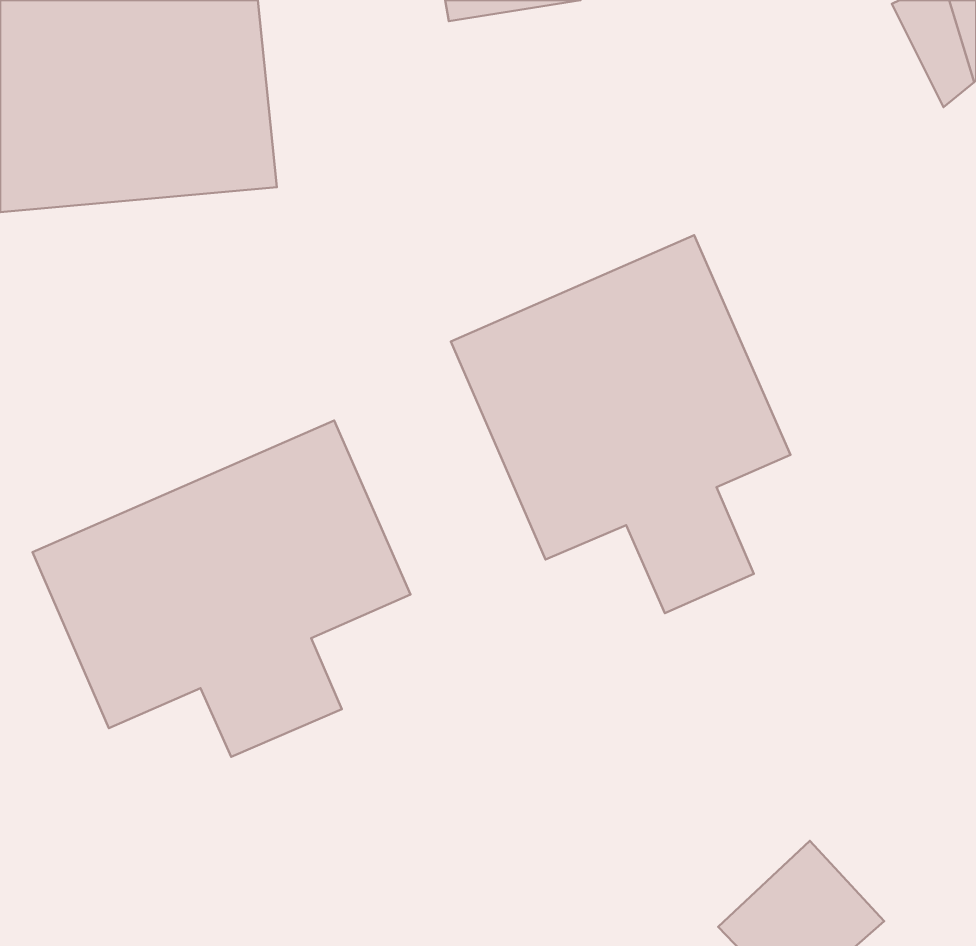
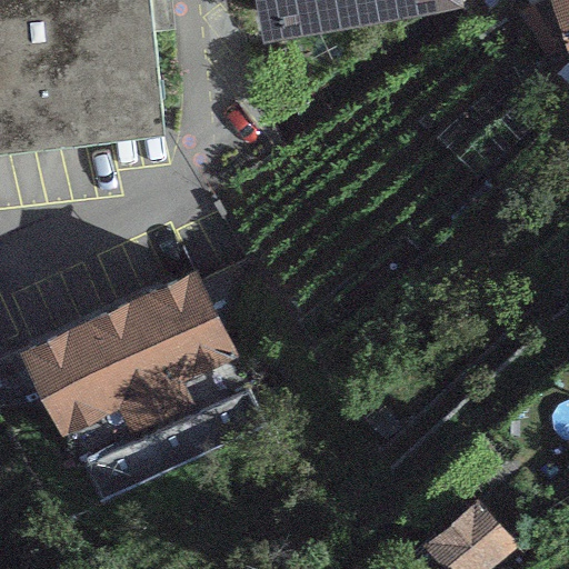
building: [451,235,790,613] -> none

